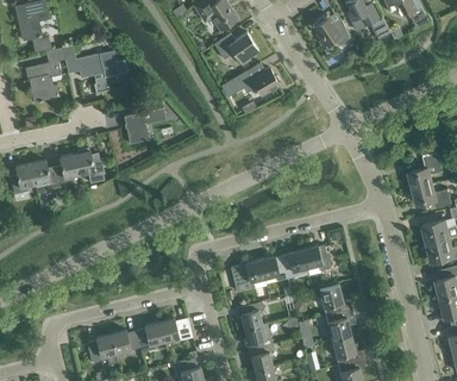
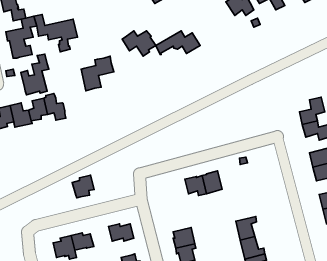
building: [213,32,257,65] -> [122,31,156,56]
building: none -> [21,54,49,95]
building: [301,244,328,275] -> none
building: [230,260,263,291] -> none
building: [319,285,351,314] -> none
building: [236,300,267,329] -> none
building: [134,321,163,351] -> [72,175,94,198]

